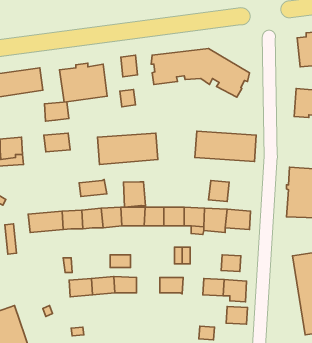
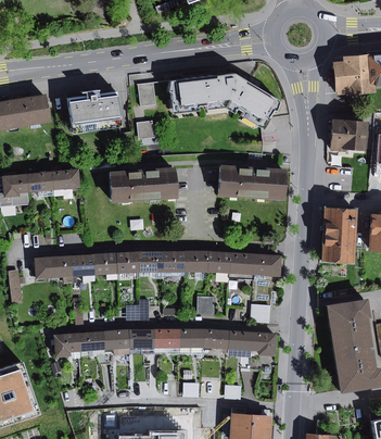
building: [44,102,69,121] -> [26,171,53,192]
building: [79,179,107,197] -> none
building: [209,181,229,202] -> none
building: [124,182,145,207] -> none
building: none -> [154,329,180,347]
building: none -> [54,333,80,356]
building: [226,307,247,324] -> [205,329,229,349]

